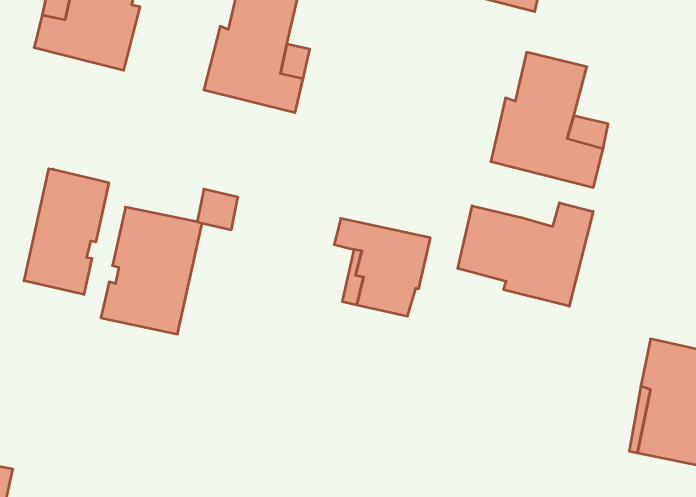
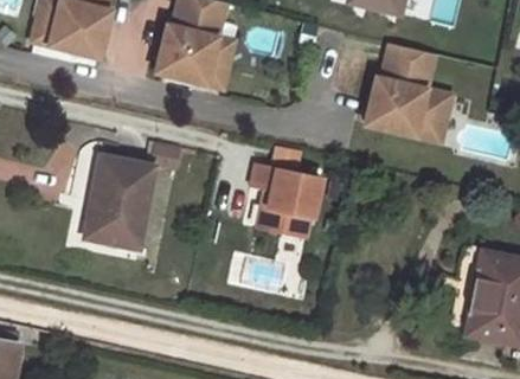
building: [24,169,109,295] -> none
building: [458,203,593,306] -> none

